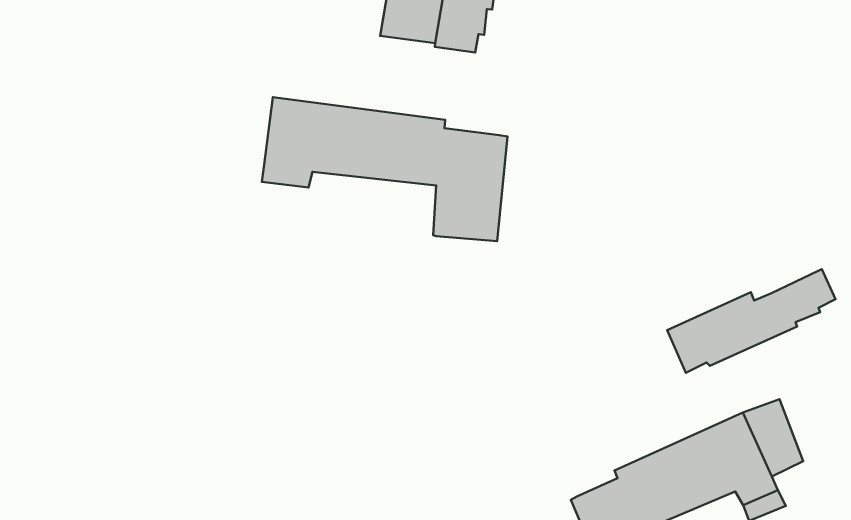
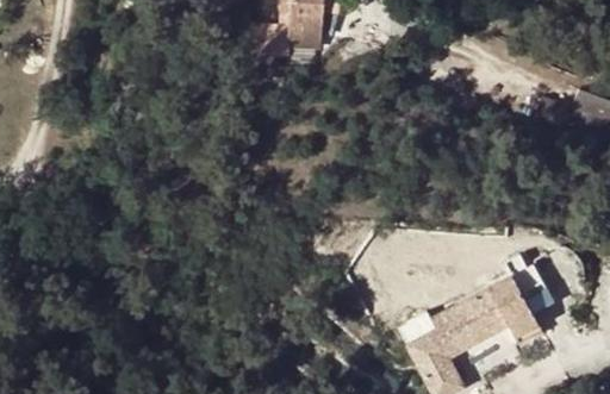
building: [262,97,507,241] -> none
building: [667,269,836,373] -> none

